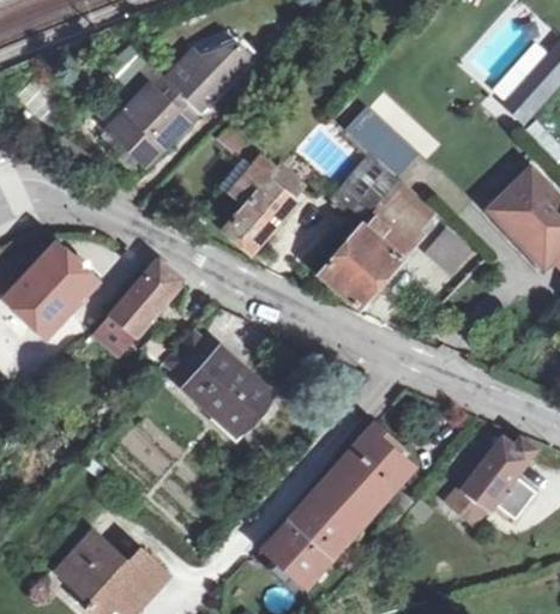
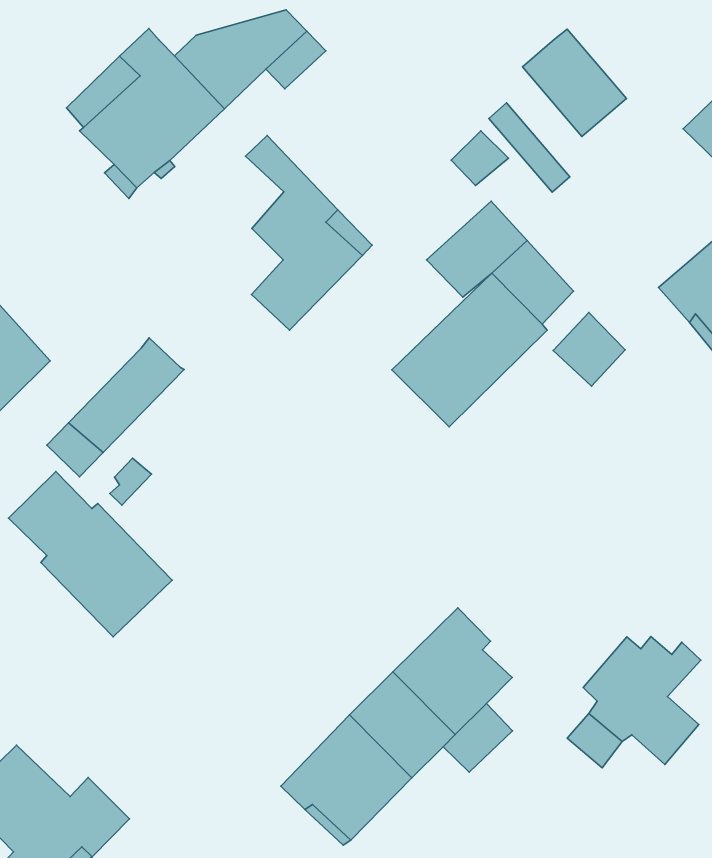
building: none -> [522,29,627,136]
building: [162,330,271,435] -> [9,471,172,637]

